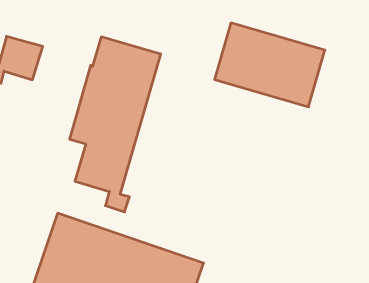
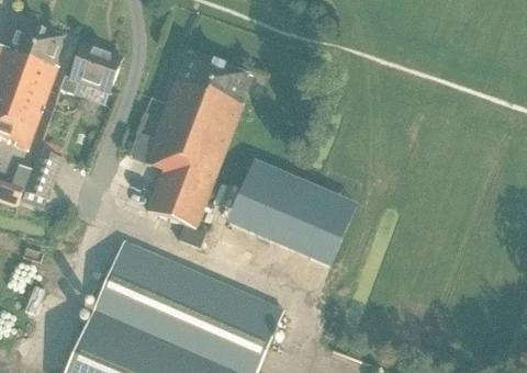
building: [215,23,325,107] -> [227,150,352,250]

